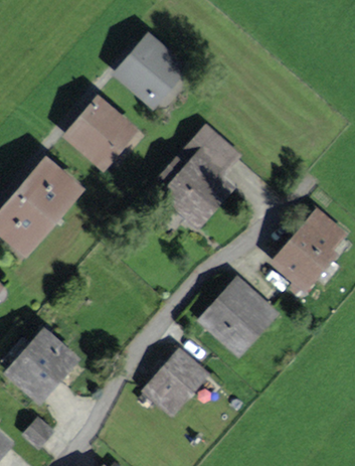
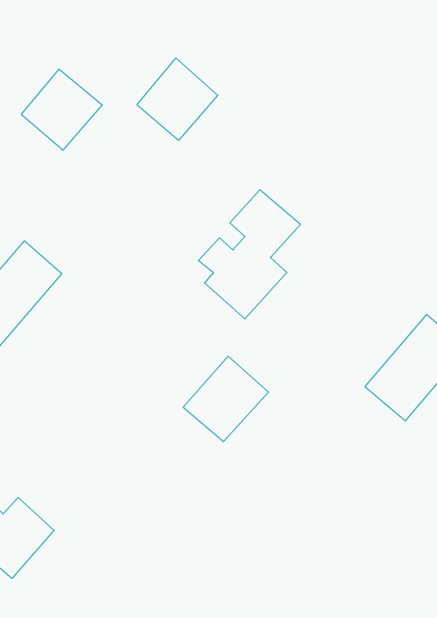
building: [74,105,129,159] -> [21,69,102,150]
building: [210,287,268,344] -> [183,356,269,442]
building: [147,351,200,412] -> none

